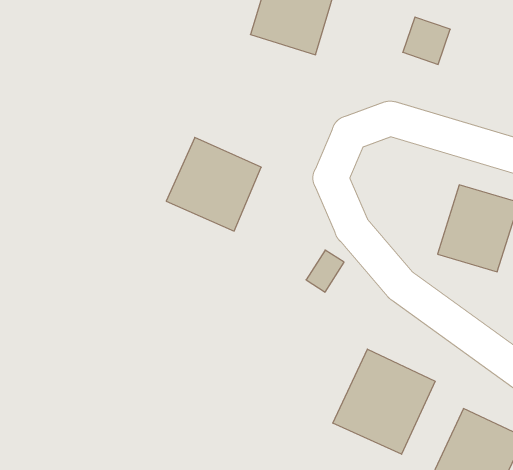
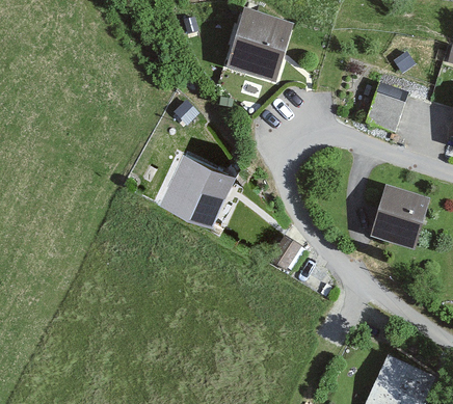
building: [403,17,450,64] -> [367,92,403,129]
building: [333,349,435,454] -> none

